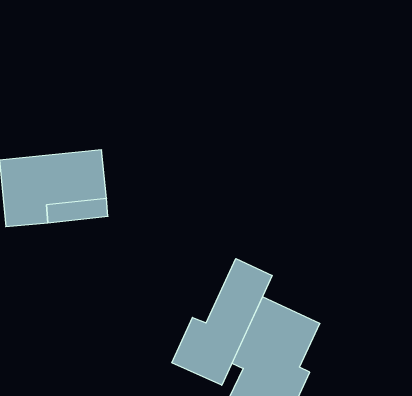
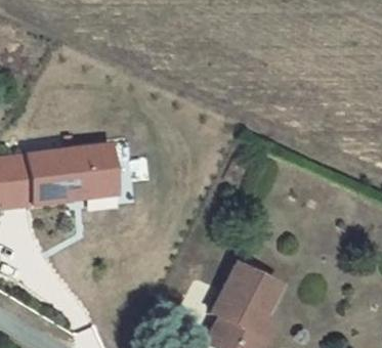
building: [172,259,272,385] -> none

